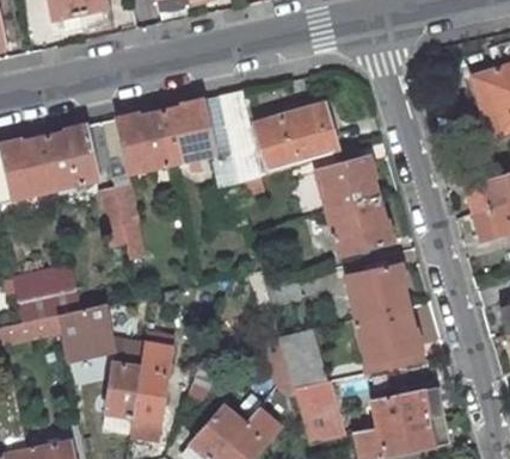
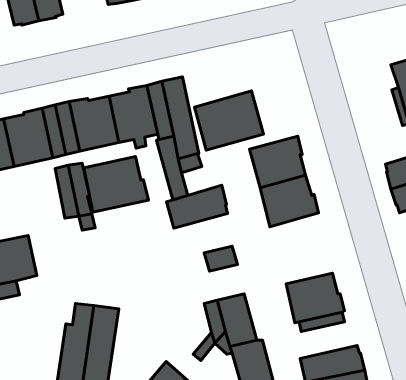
building: none -> [84,156,149,212]
building: none -> [167,185,228,228]
building: [346,263,407,318] -> none
building: [57,304,112,359] -> none

